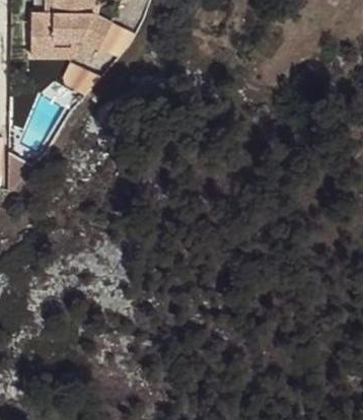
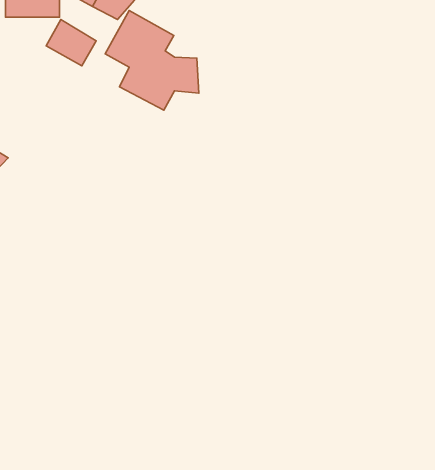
building: none -> [105,11,199,110]

